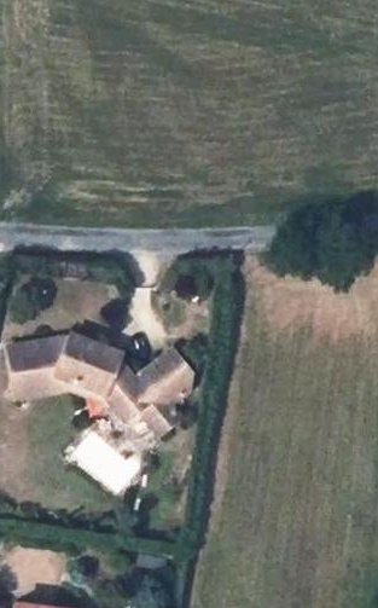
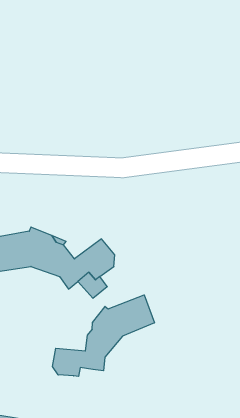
building: none -> [52,295,154,376]

